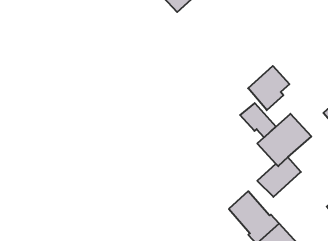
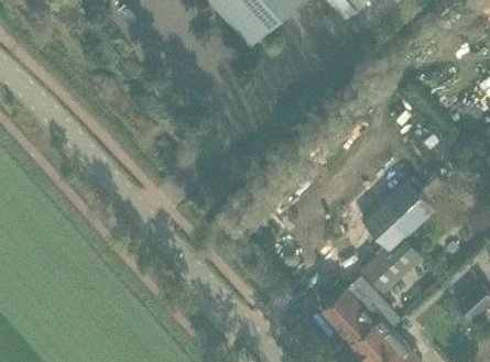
building: [248,66,289,110] -> none
building: [240,103,276,137] -> none

